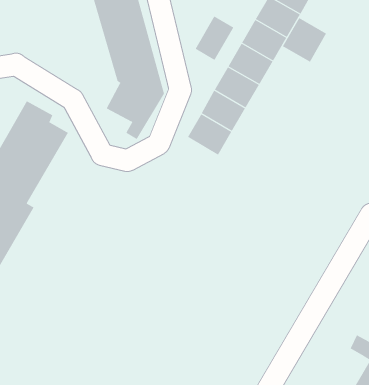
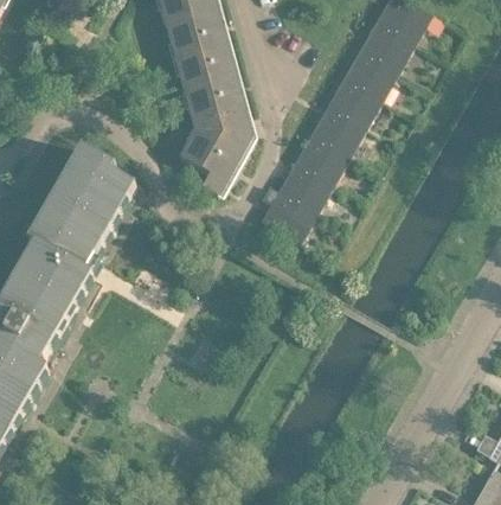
building: [195,16,234,61] -> none
building: [282,17,327,62] -> none
building: none -> [261,185,315,239]

